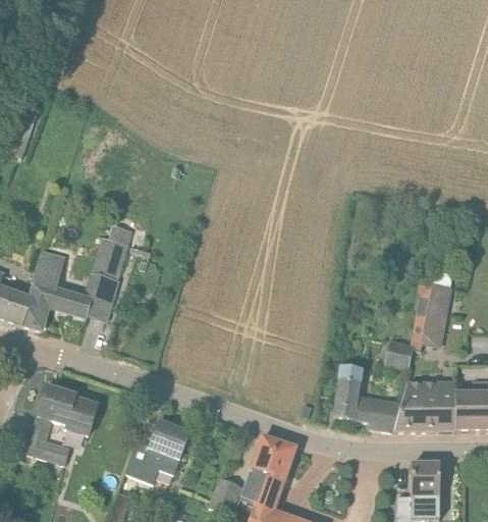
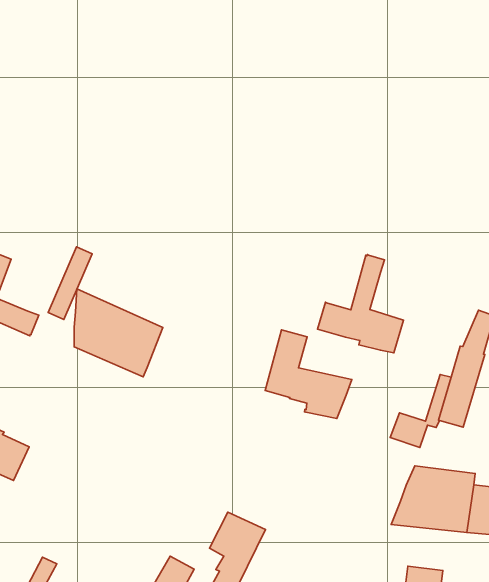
building: none -> [318,255,404,353]
building: none -> [74,289,163,377]
building: [333,366,401,431] -> [265,330,352,418]
building: [125,420,189,483] -> none

